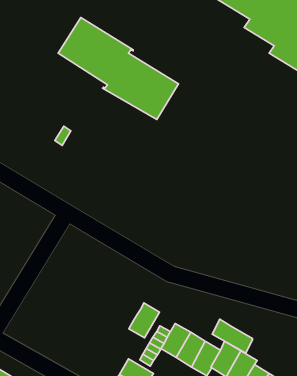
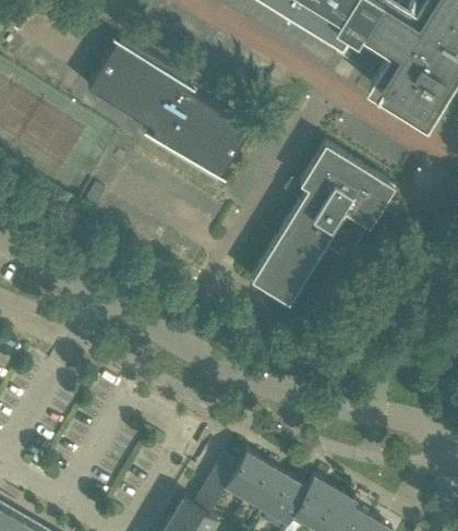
building: none -> [252,144,396,305]
building: [129,303,159,338] -> none
building: [212,319,253,353] -> none

